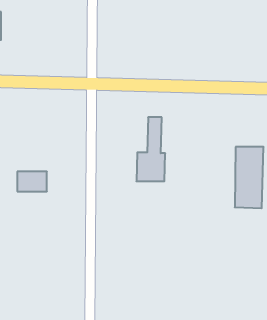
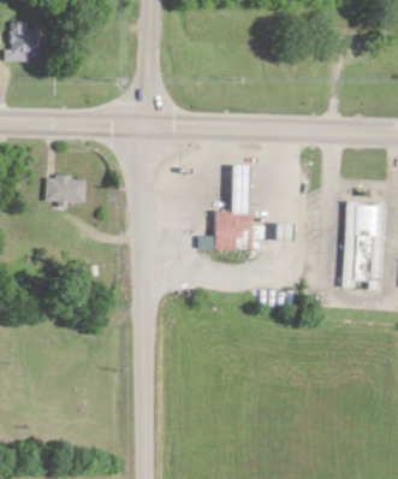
building: [17,172,47,191] -> [47,176,87,202]

